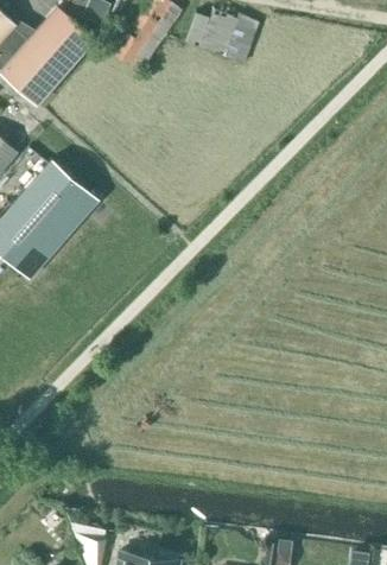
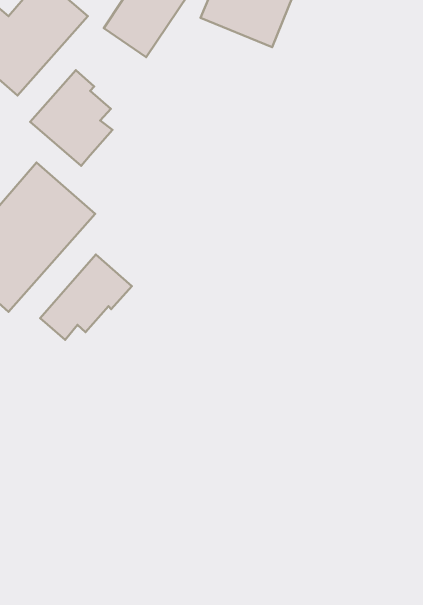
building: none -> [30,70,112,166]
building: none -> [40,254,132,340]

